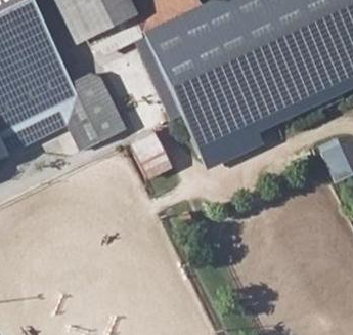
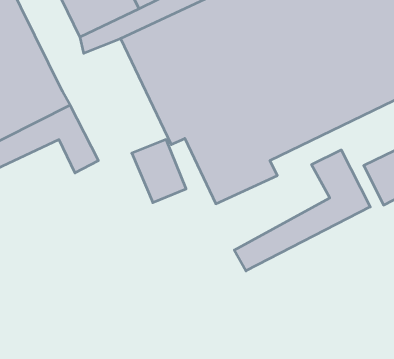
building: [73,70,125,139] -> none
building: none -> [234,150,370,271]

